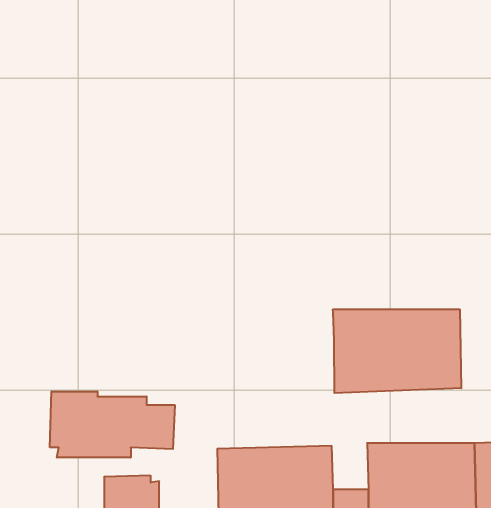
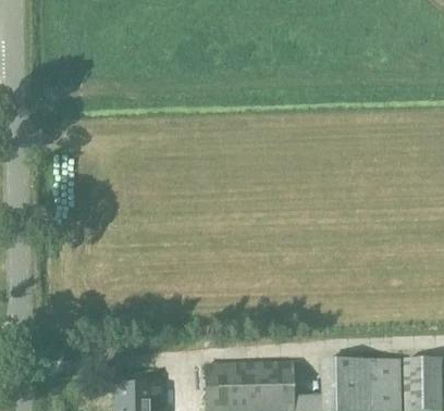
building: [333,309,461,393] -> none
building: [50,391,175,458] -> none

